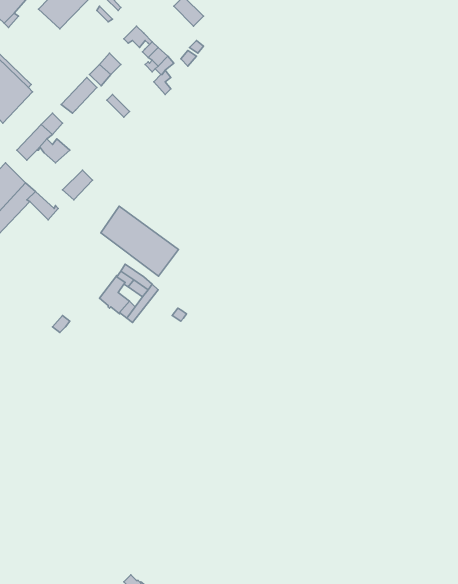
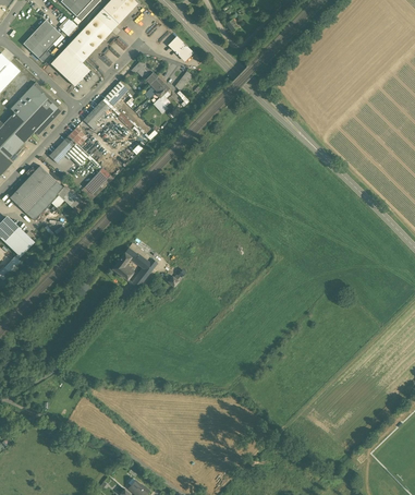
building: none -> [51,47,89,85]
building: [101,206,179,276] -> none

